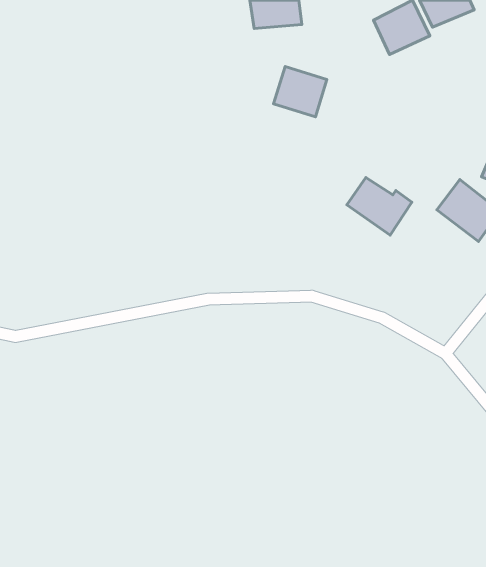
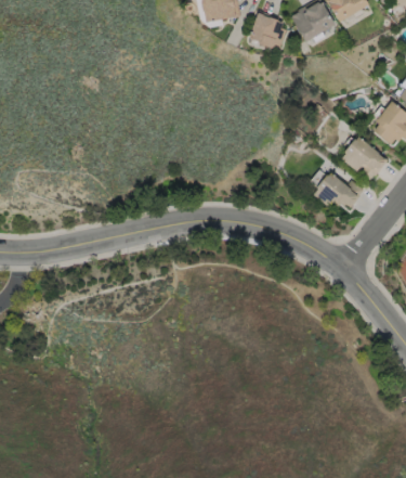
building: [274,67,327,117] -> [249,13,289,51]
building: [347,178,412,235] -> [314,171,363,215]

